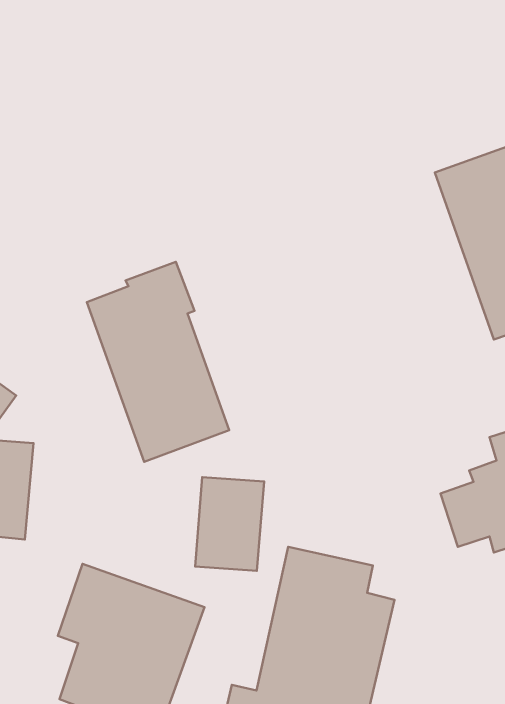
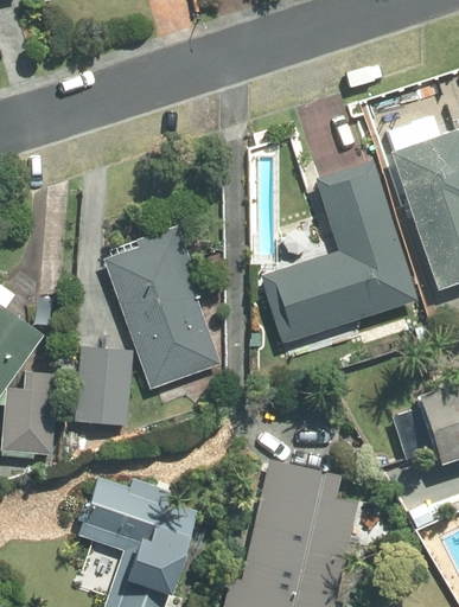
building: none -> [262,162,417,344]
building: [195,477,264,571] -> [76,349,133,426]

